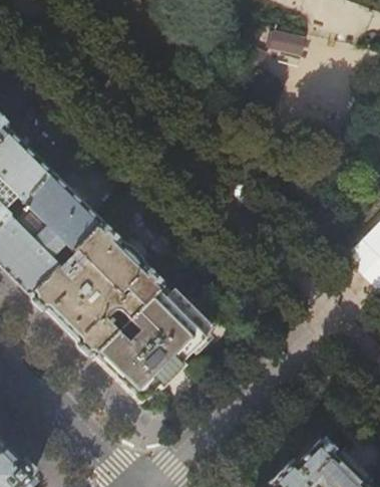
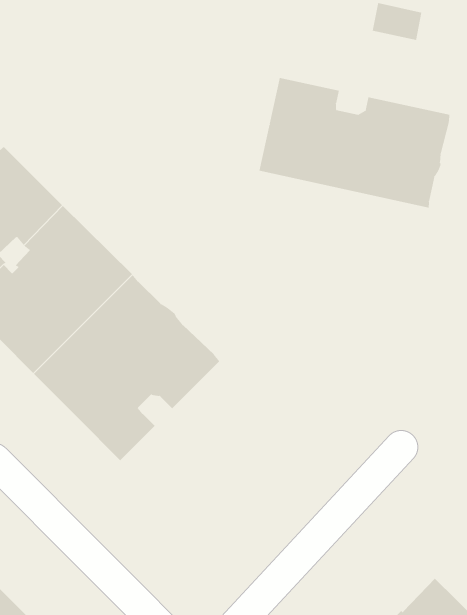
building: none -> [259,77,450,209]
building: [92,285,211,404] -> none

